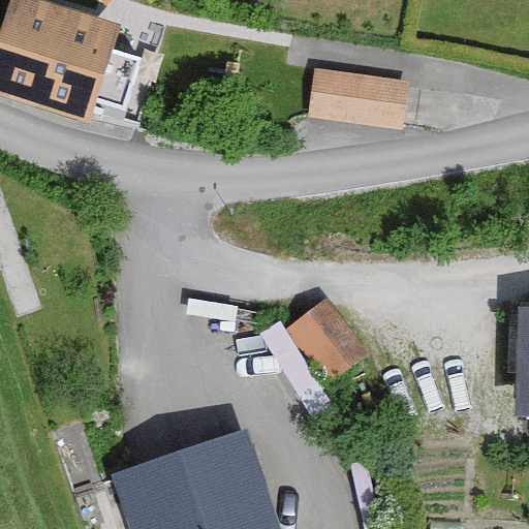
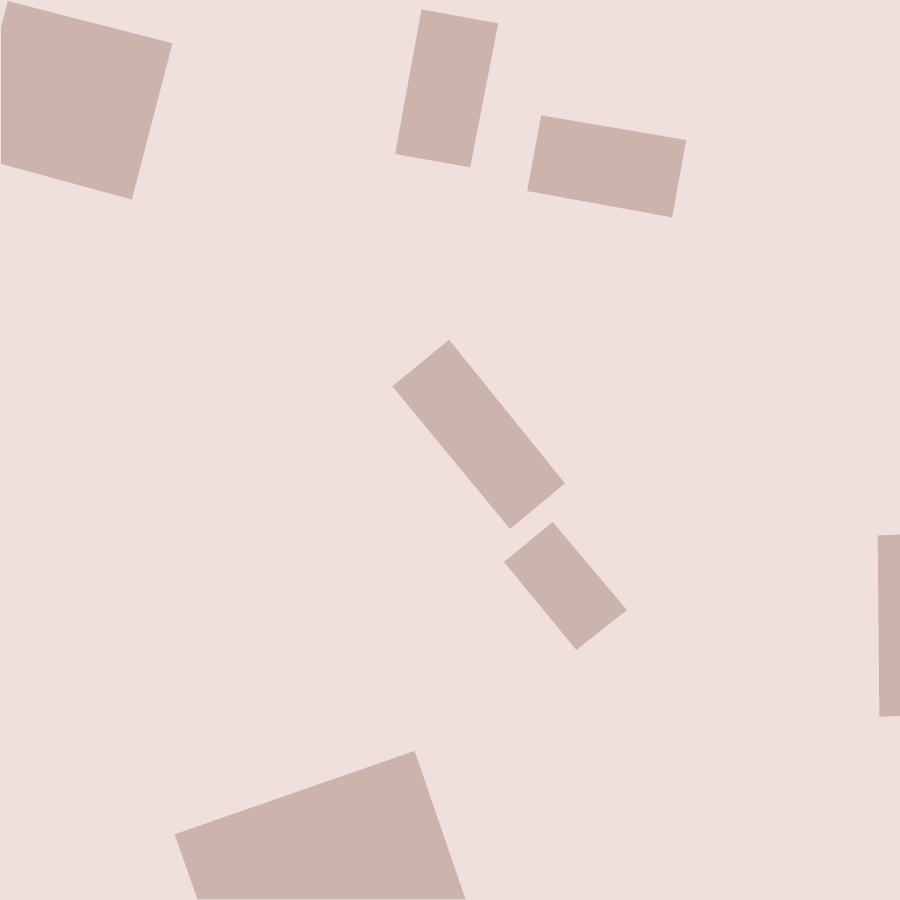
building: none -> [394,9,499,168]
building: none -> [391,339,566,530]

